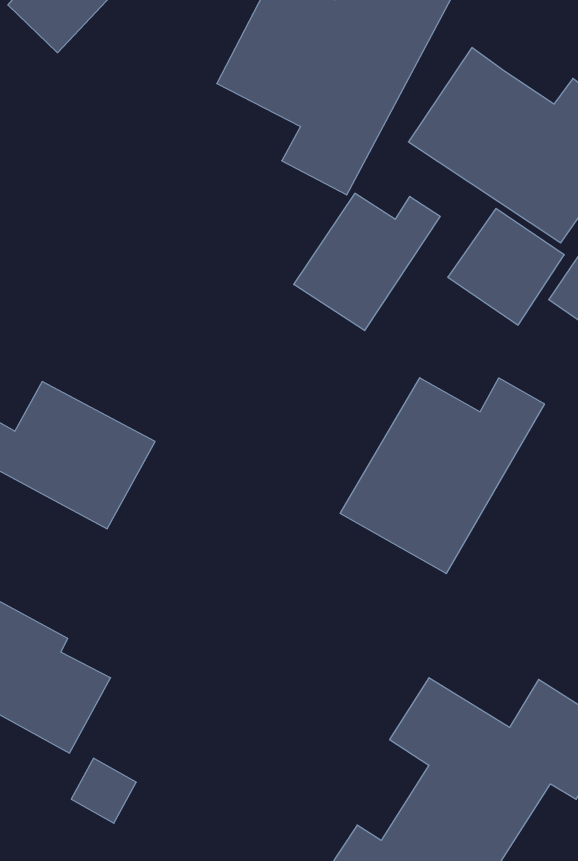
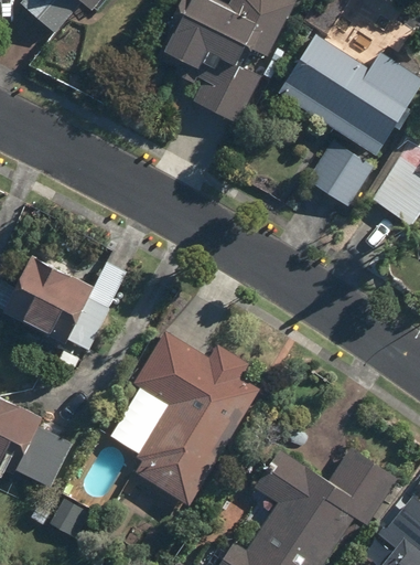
building: [294,193,440,331] -> none
building: [340,378,544,574] -> none
building: none -> [116,330,267,505]

